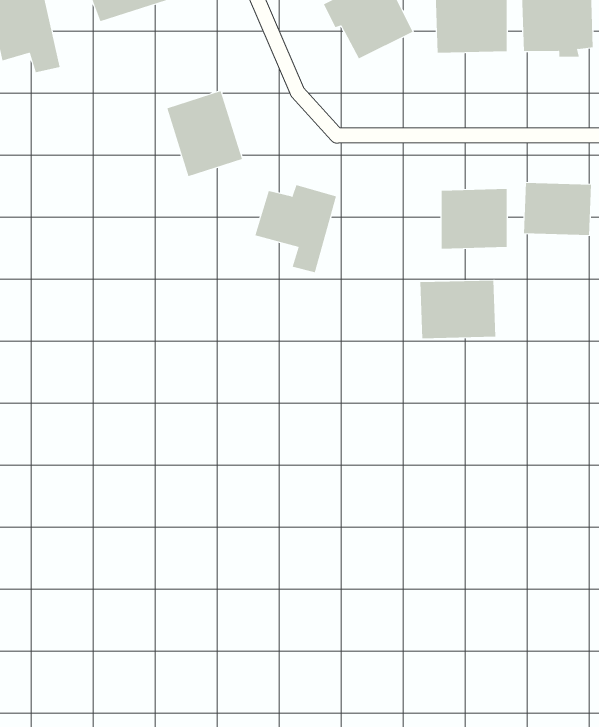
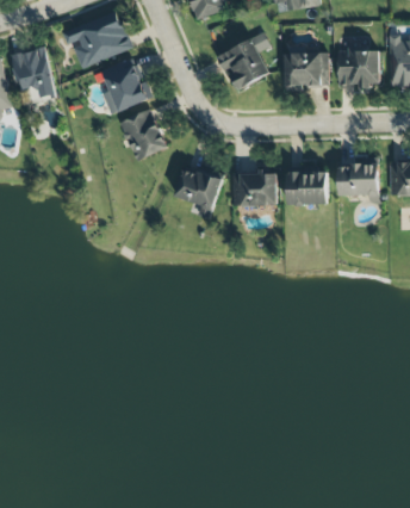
building: none -> [101,58,153,114]
building: [420,280,496,339] -> [231,171,278,206]

